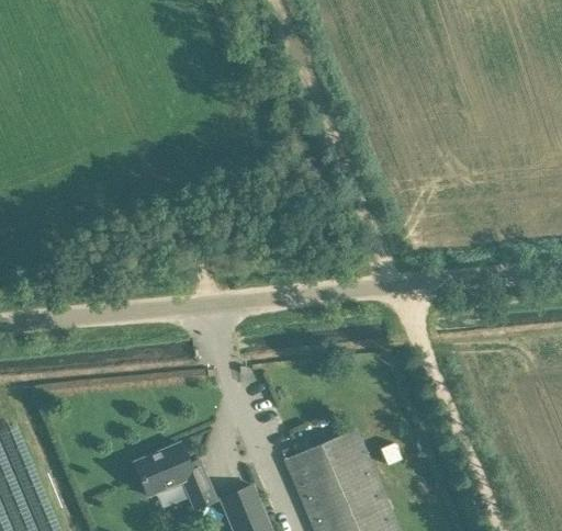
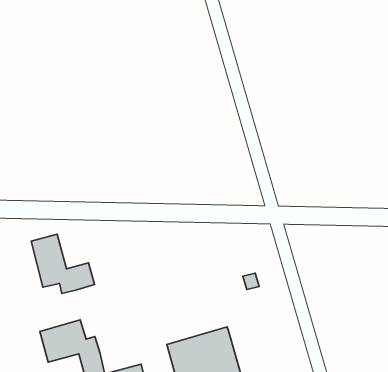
building: none -> [31,234,94,293]

